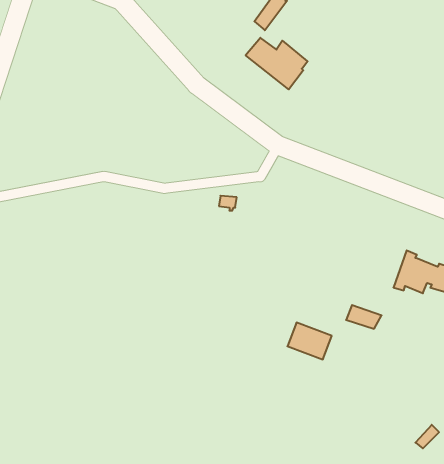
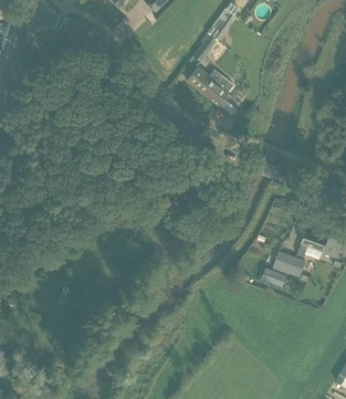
building: [287,323,332,359] -> [272,251,305,279]

